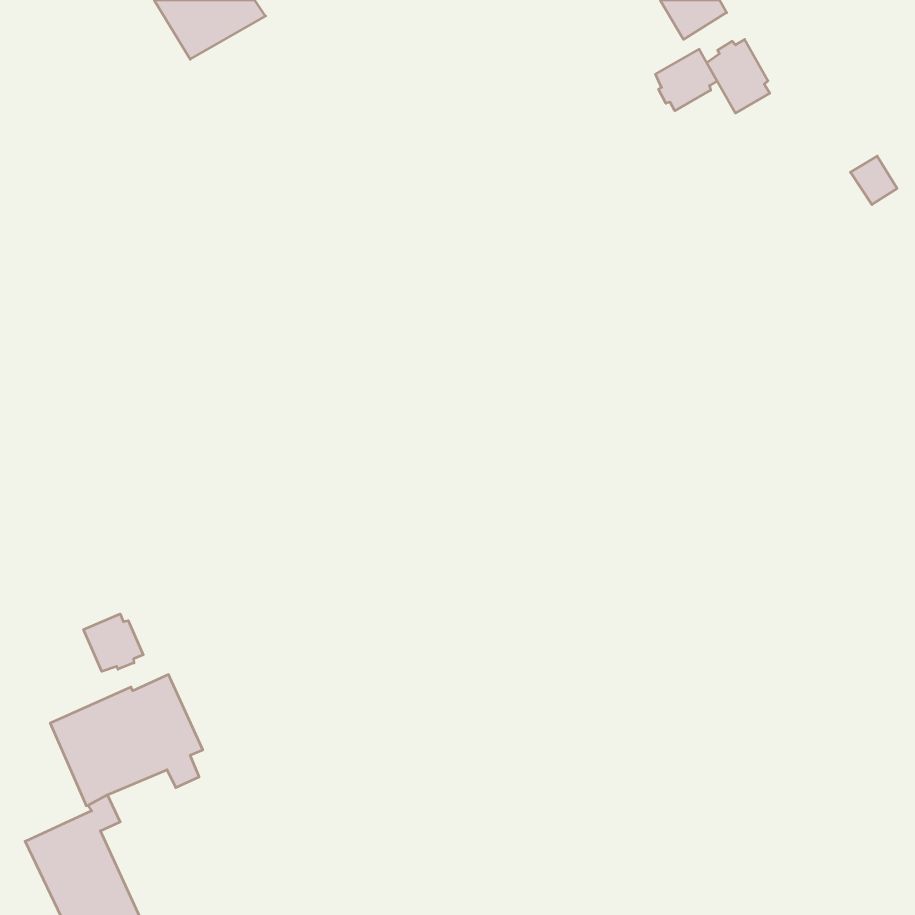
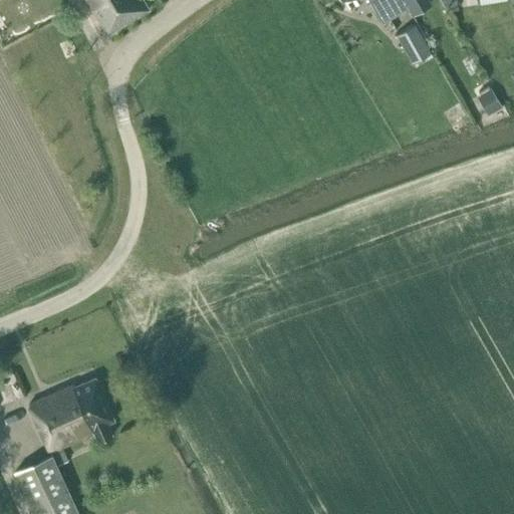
building: [656,49,717,111] -> none
building: [84,614,143,671] -> none

